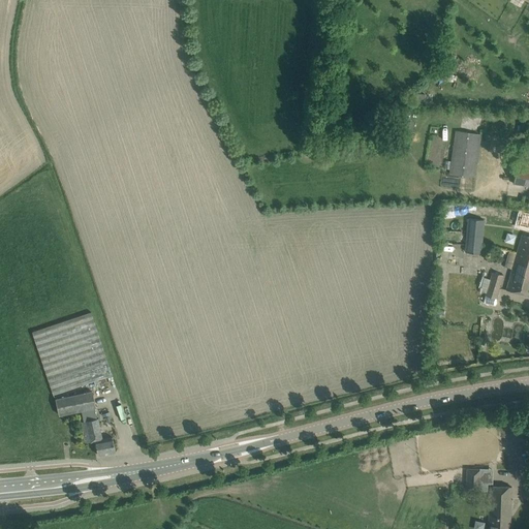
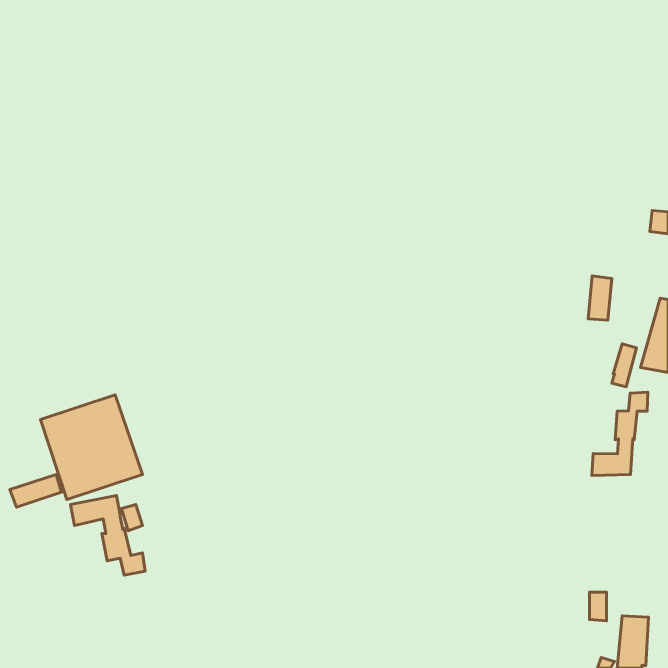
building: [449,131,480,178] -> none
building: none -> [592,392,648,475]
building: none -> [10,474,61,507]

